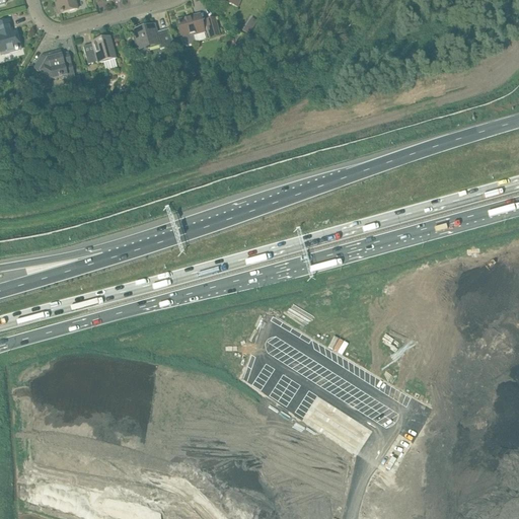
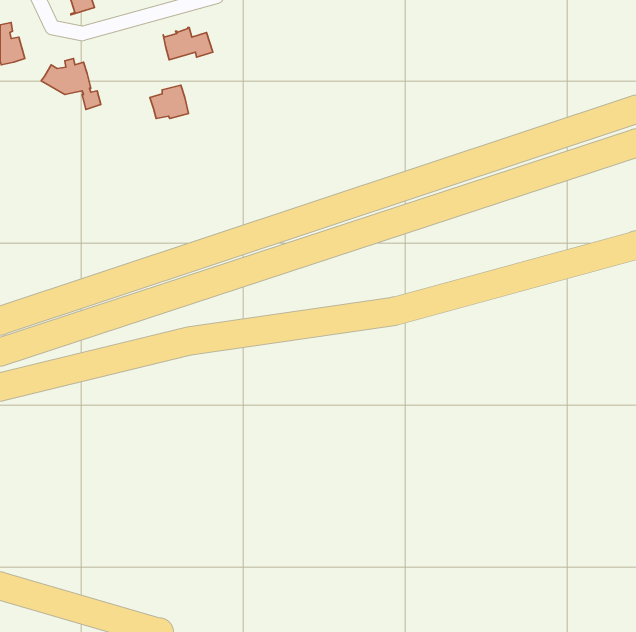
building: [176,12,219,45] -> none
building: [83,34,115,62] -> [150,85,188,119]

